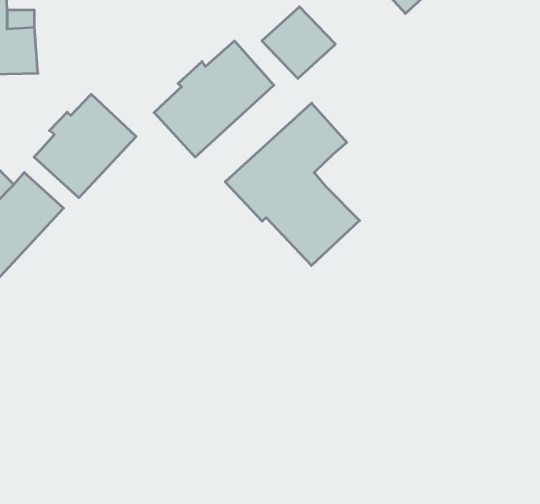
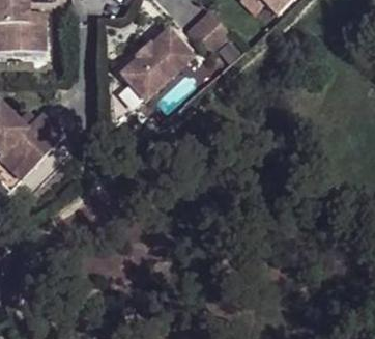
building: [34,94,136,198] -> none
building: [225,103,360,266] -> none

